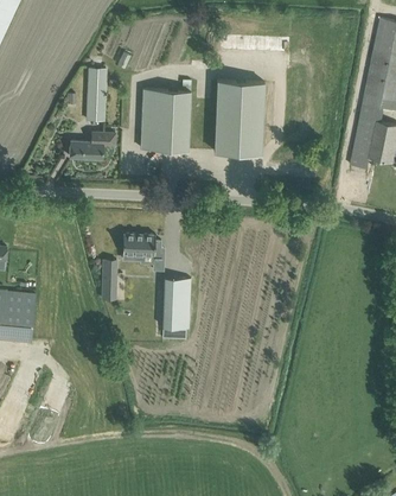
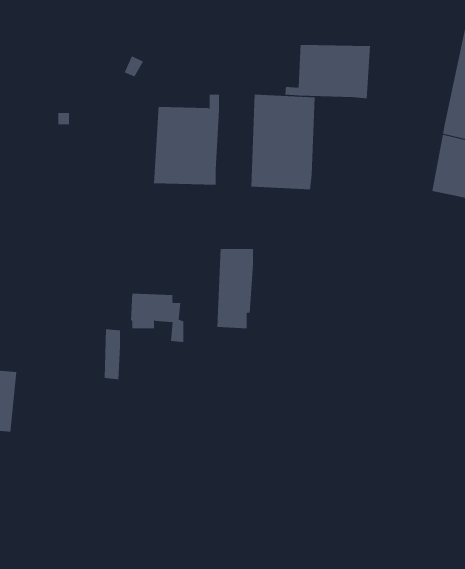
building: none -> [285,44,370,99]
building: [87,69,107,122] -> none
building: [70,133,115,159] -> none
building: [162,279,191,341] -> [217,248,254,329]

